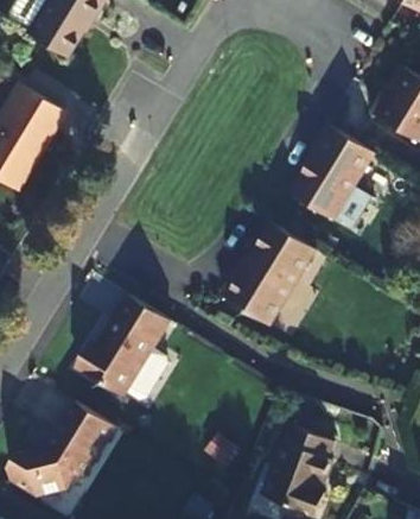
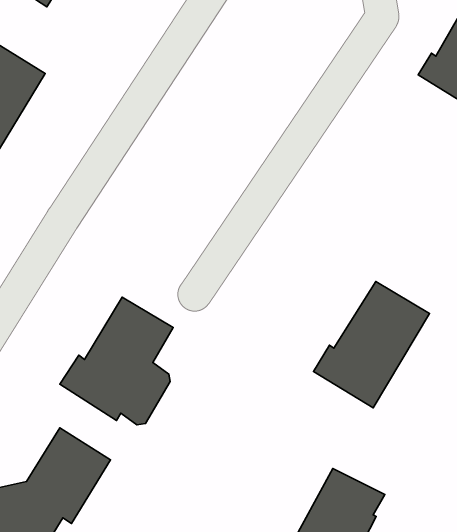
building: [294,127,378,222] -> none
building: [224,224,319,328] -> [314,281,430,408]

